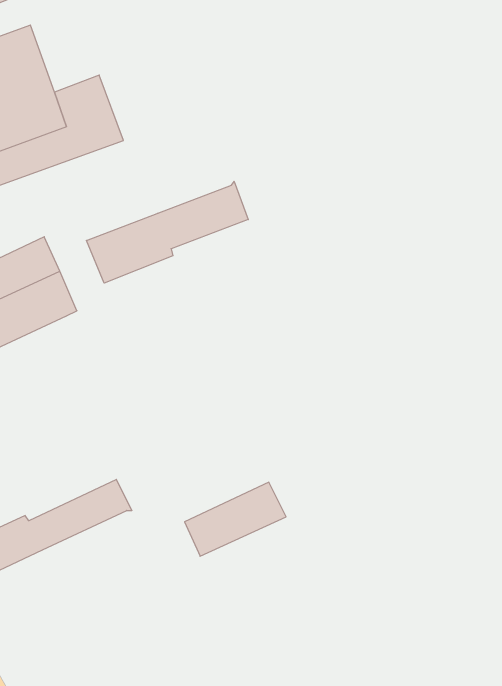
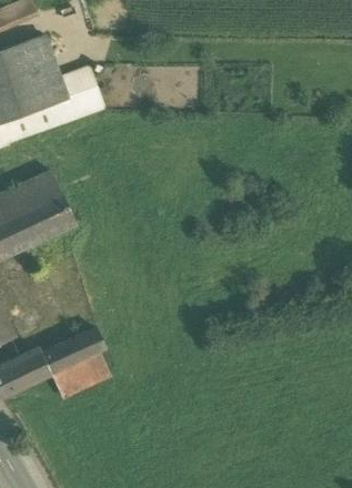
building: [86,181,248,283] -> none
building: [185,482,286,556] -> [50,347,115,395]

